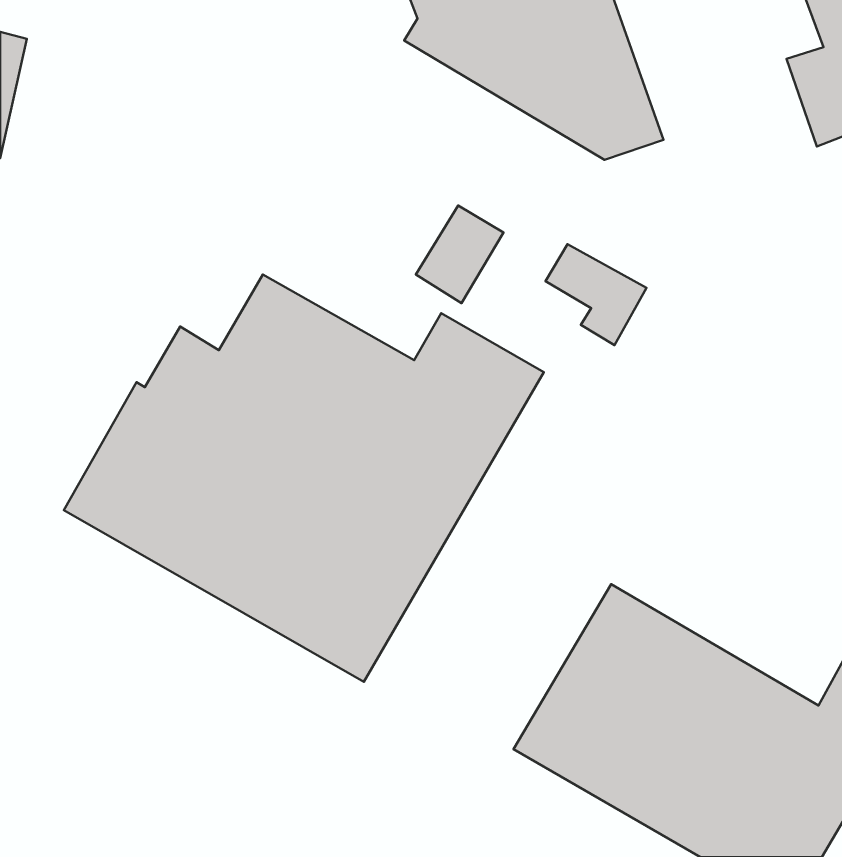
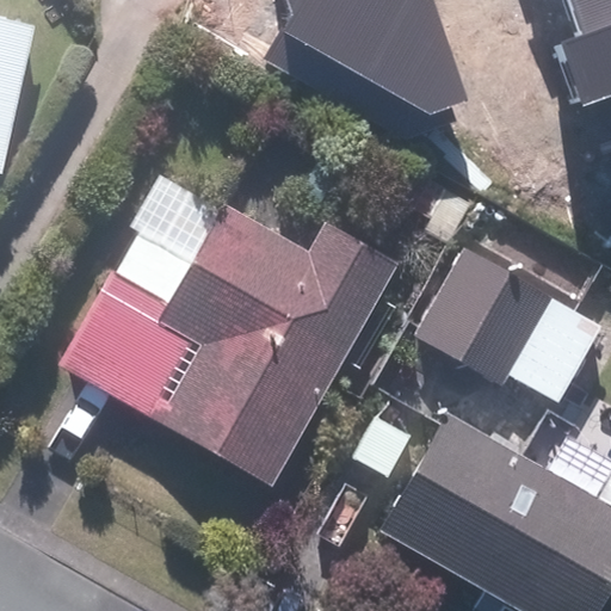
building: none -> [412,247,599,402]

